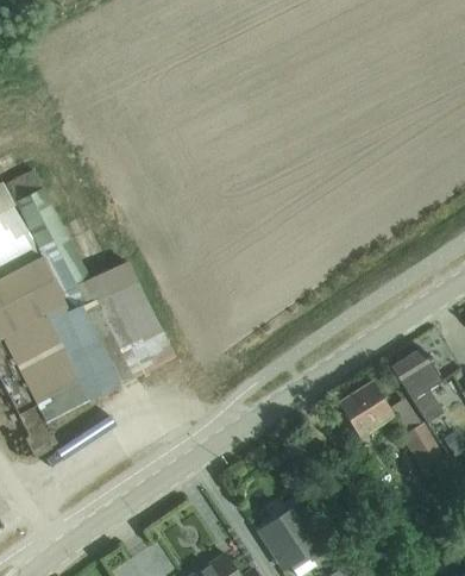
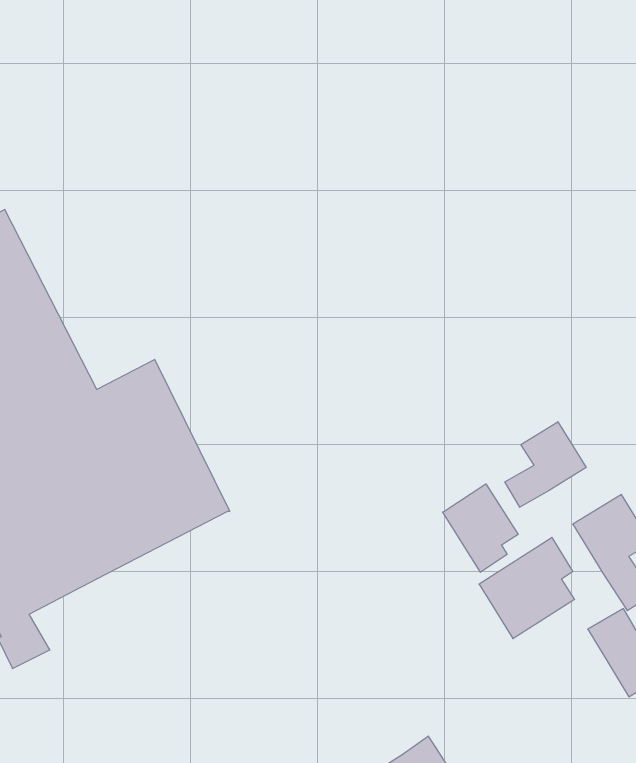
building: none -> [505,422,586,507]
building: none -> [443,484,518,572]

